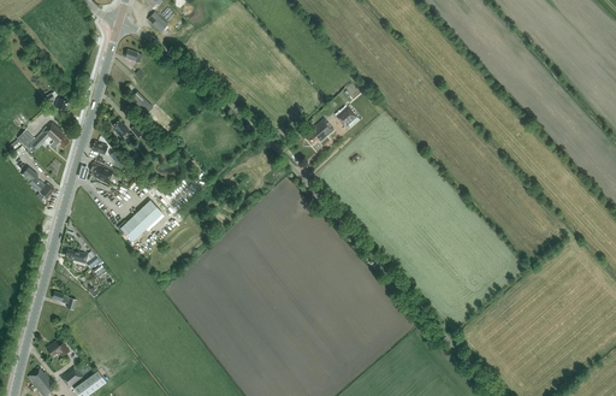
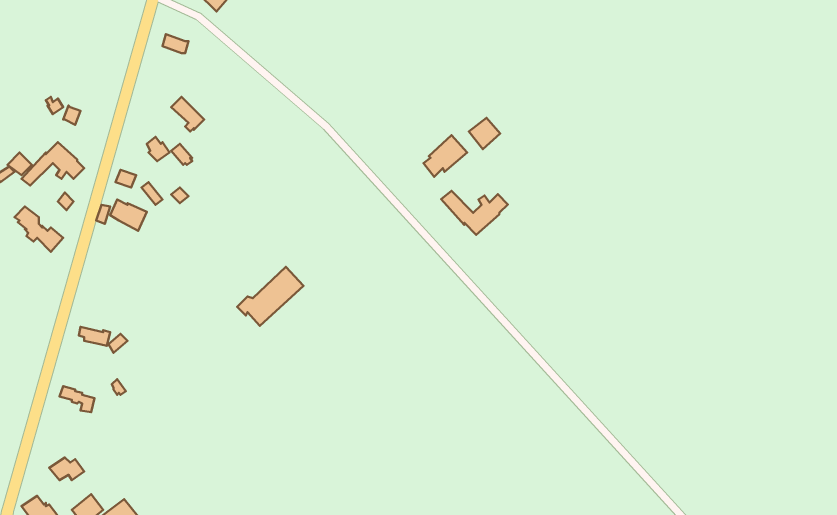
building: none -> [441,191,508,235]
building: [117,200,162,241] -> [237,267,303,326]

